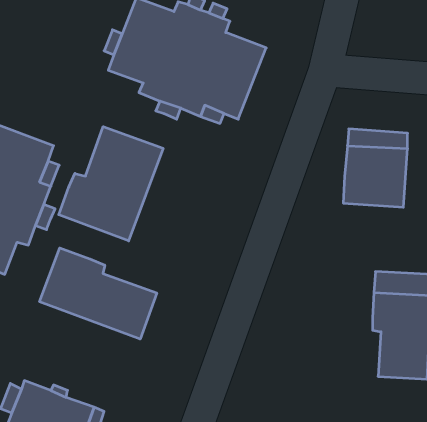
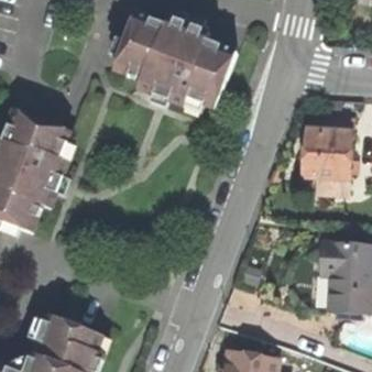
building: [59,127,163,241] -> none
building: [40,248,157,339] -> none

